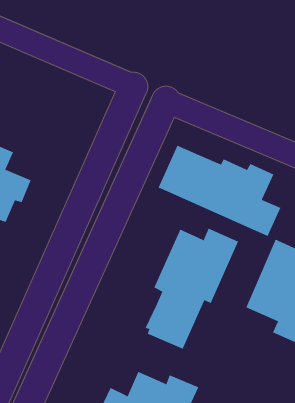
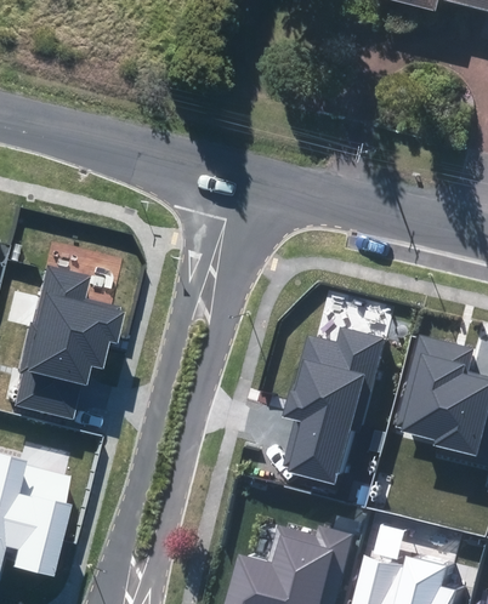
building: [158,145,281,237] -> none

